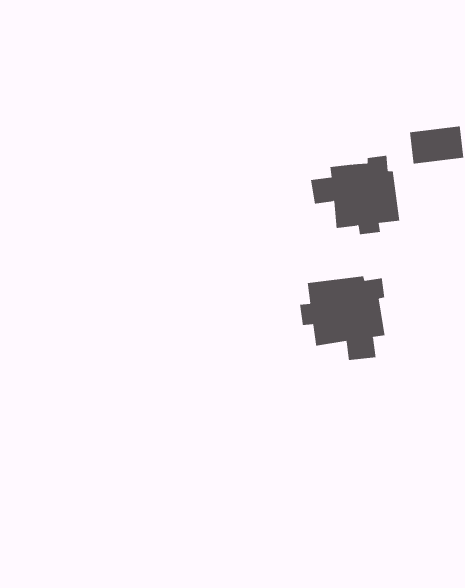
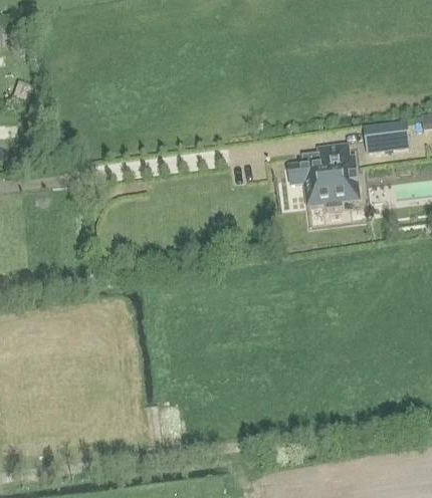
building: [300,275,385,361] -> none

